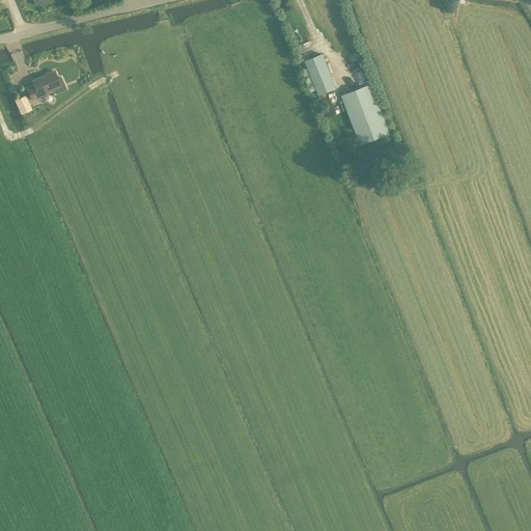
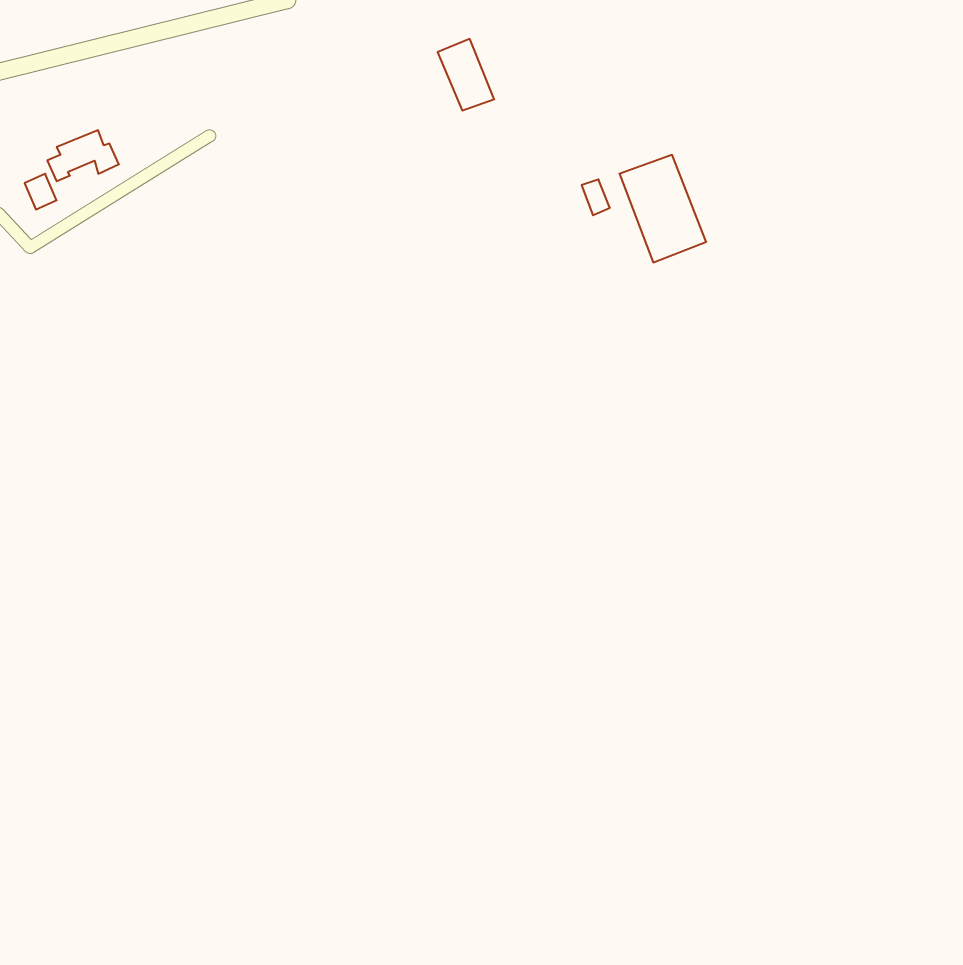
building: [304,54,335,93] -> [438,39,494,111]

